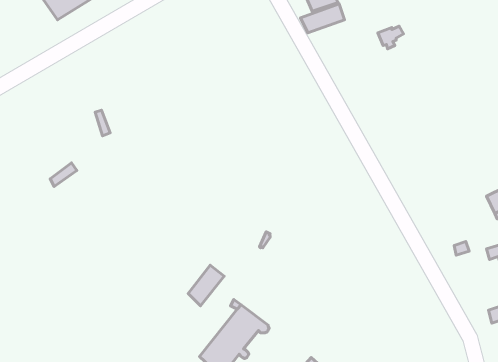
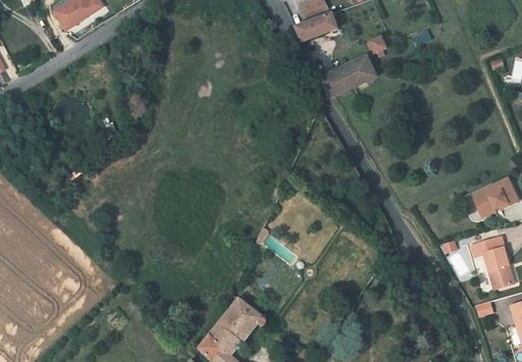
building: none -> [313,54,376,98]
building: [188,265,224,306] -> none

